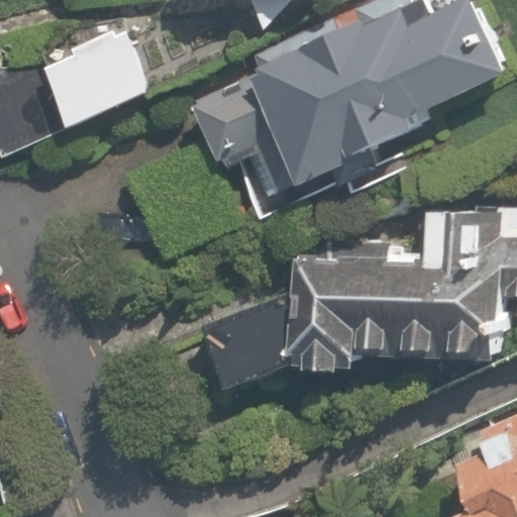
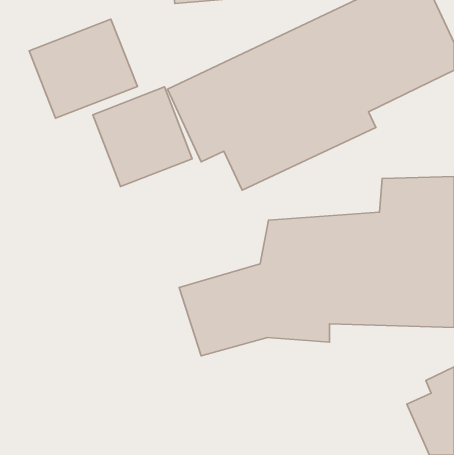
building: none -> [93,87,192,187]

